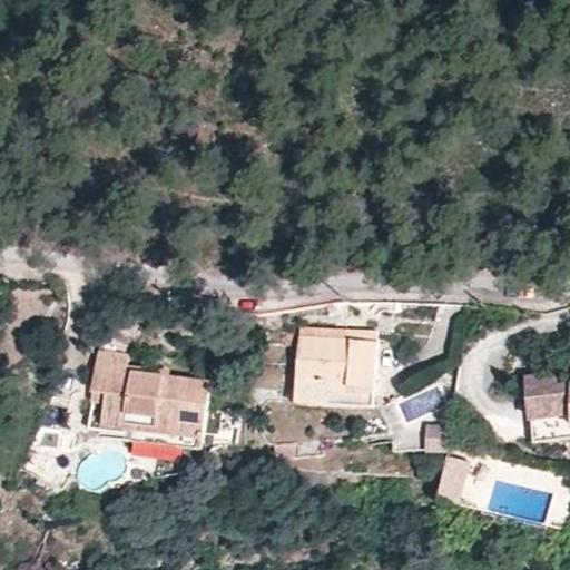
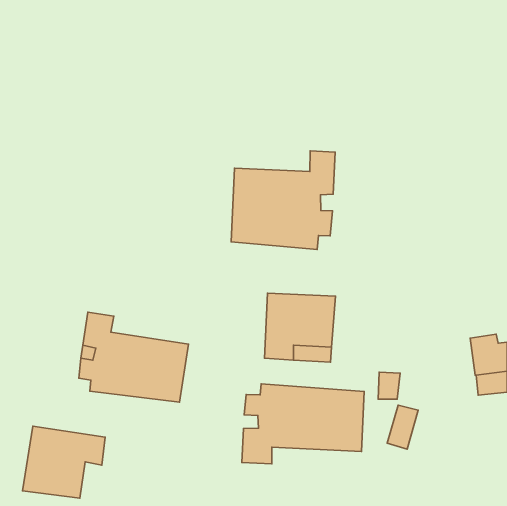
building: none -> [231,151,335,250]
building: none -> [242,384,364,464]
building: none -> [23,426,105,498]

